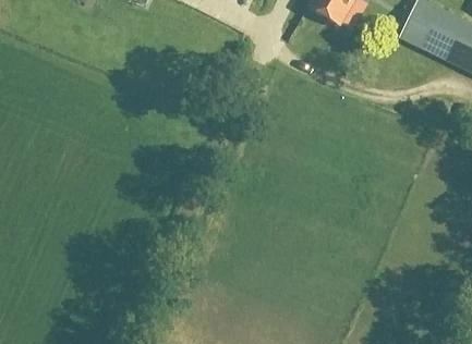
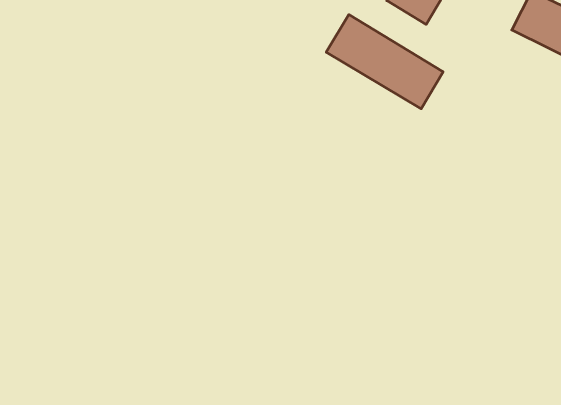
building: none -> [326,15,443,109]

